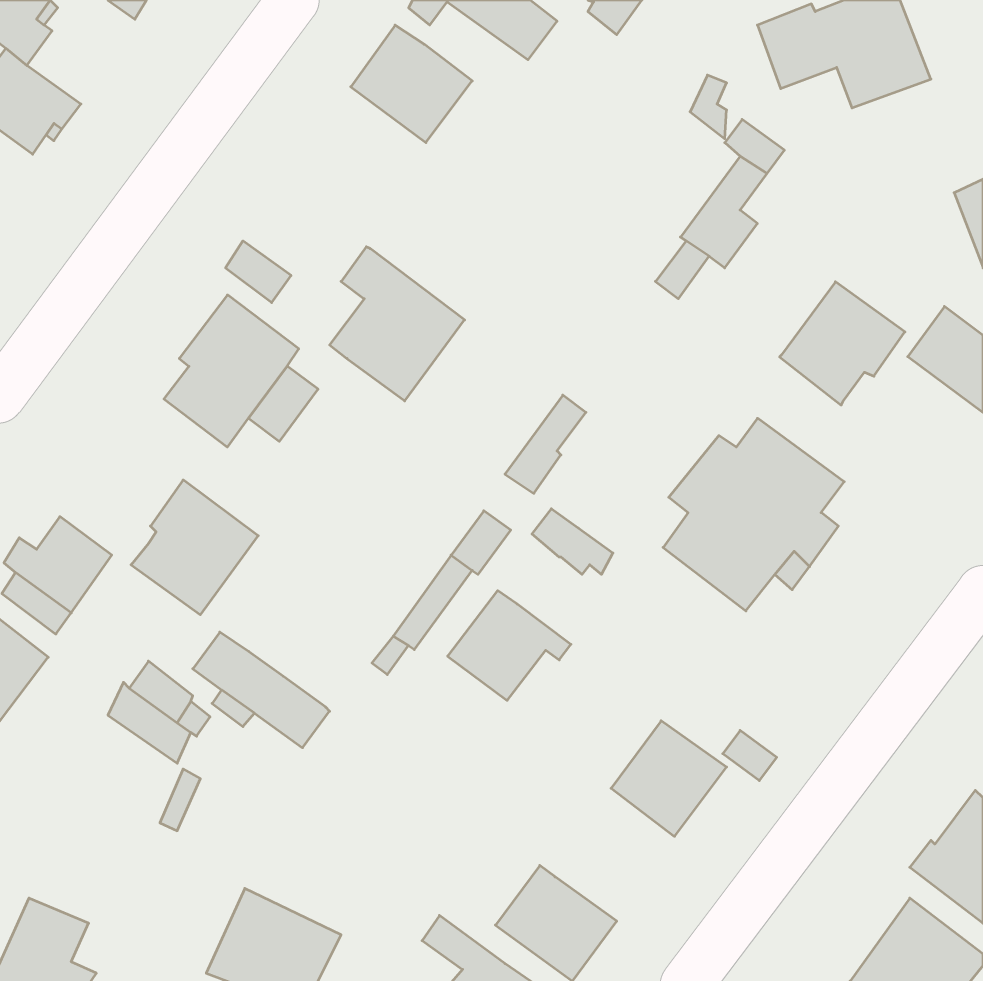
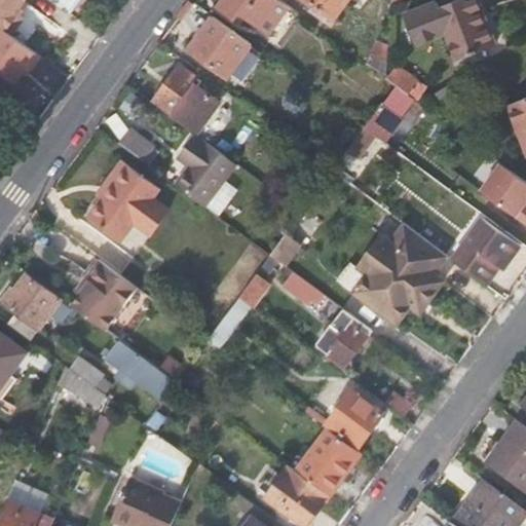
building: none -> [150,63,220,135]
building: [780,282,905,405] -> [451,220,518,286]
building: [448,591,571,700] -> [315,308,381,367]
building: none -> [296,427,360,493]

